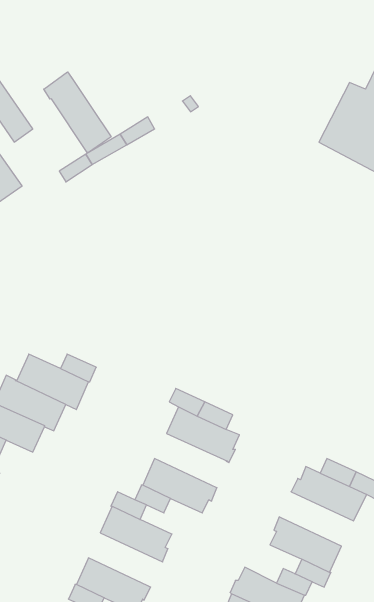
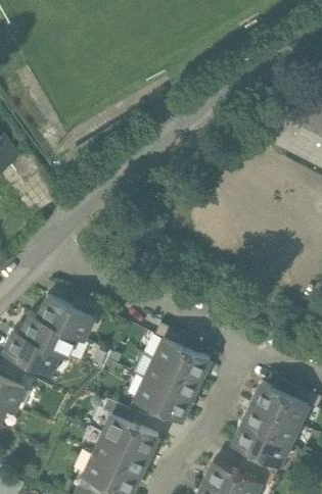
building: [44,72,111,153] -> none
building: none -> [143,360,199,402]
building: none -> [241,405,296,447]
building: none -> [92,437,149,478]

